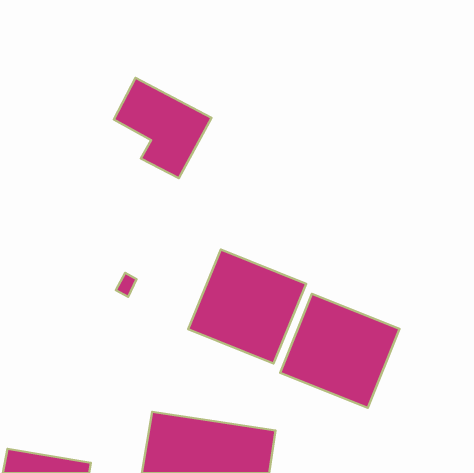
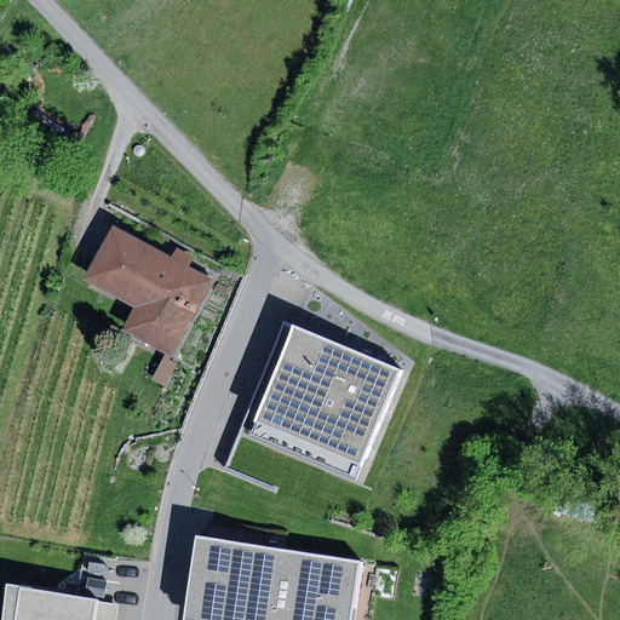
building: [114,78,211,178] -> [86,225,213,356]
building: [280,294,399,408] -> none

